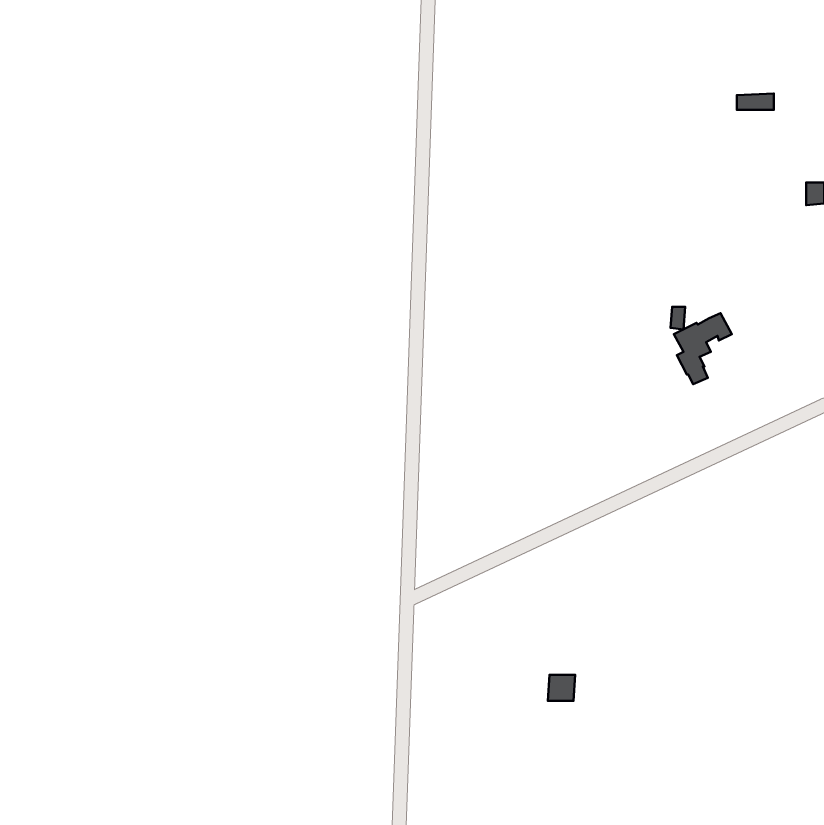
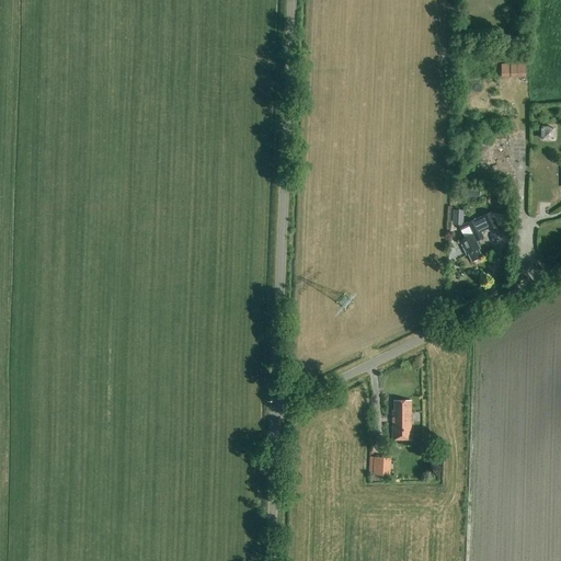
building: none -> [391,401,410,439]

